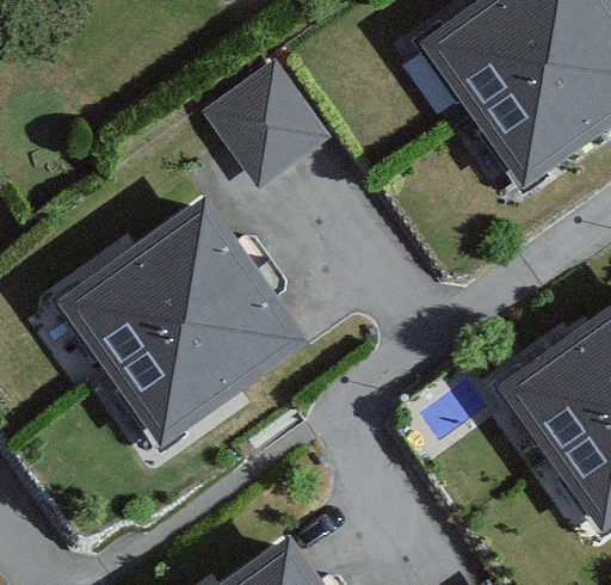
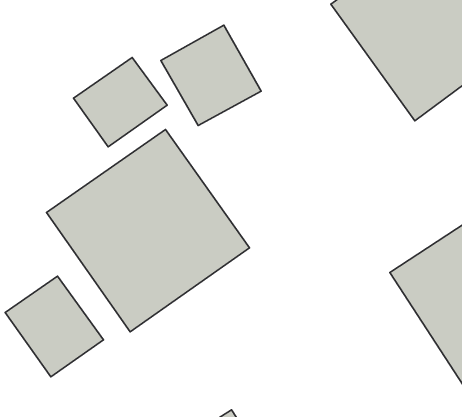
building: none -> [74,57,167,147]
building: none -> [5,276,104,377]

